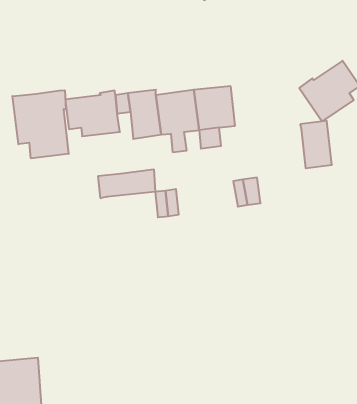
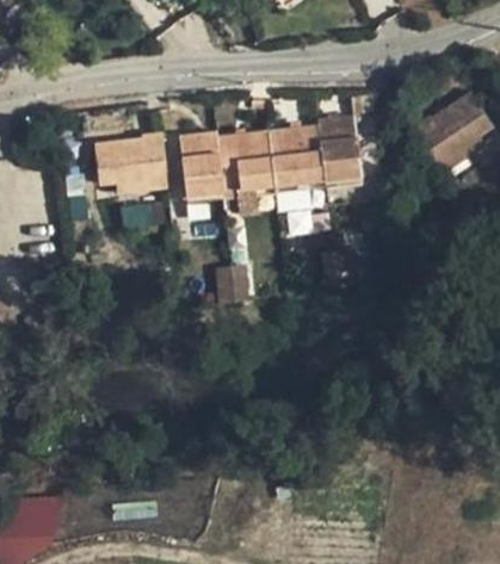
building: [12,90,69,158] -> none
building: [300,121,332,168] -> [317,114,360,179]
building: [98,169,155,198] -> none

